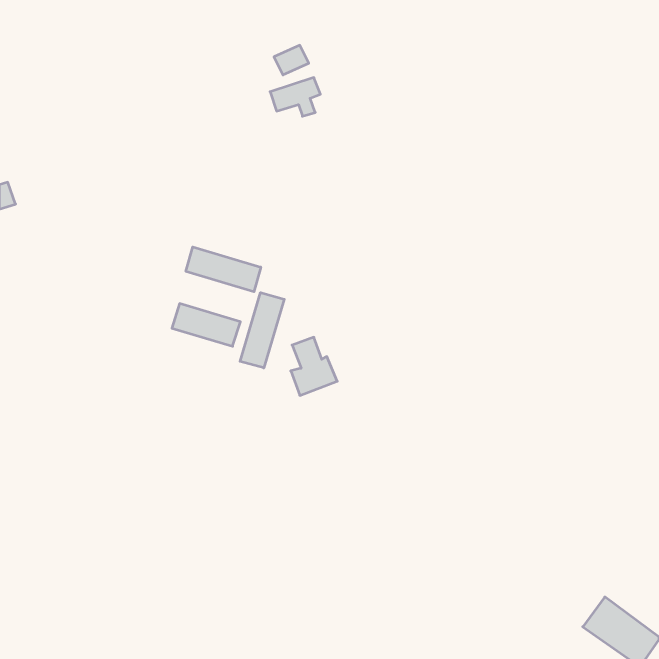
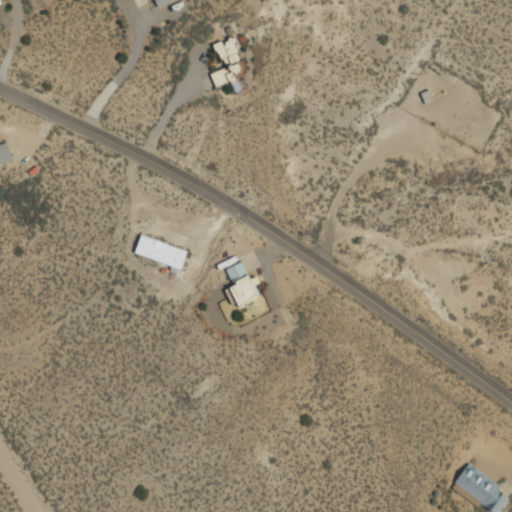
building: [186,247,261,292] -> none
building: [240,293,284,368] -> none

